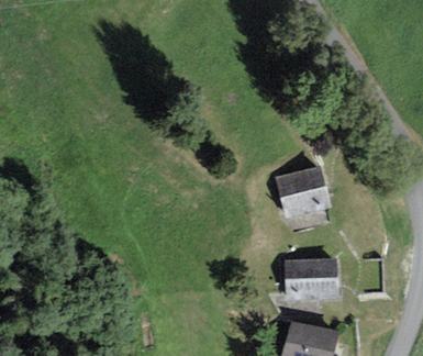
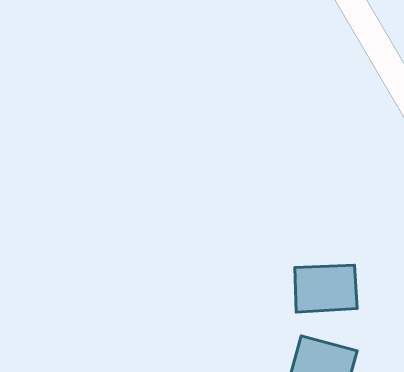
building: [276,166,331,218] -> none

